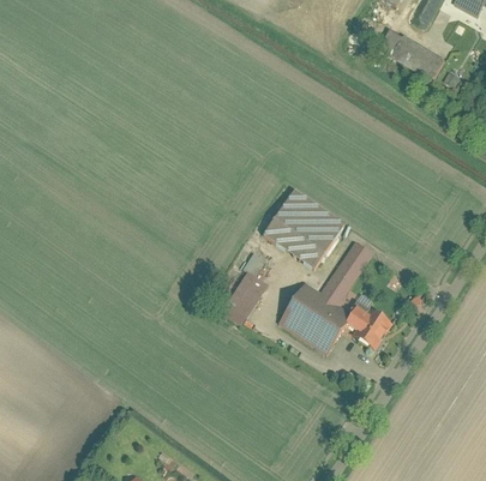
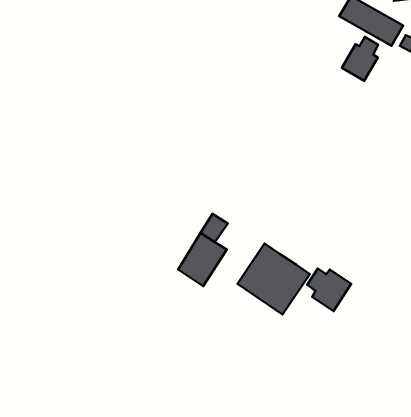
building: none -> [342,37,378,81]
building: [263,190,343,269] -> none
building: [322,241,372,302] -> none

